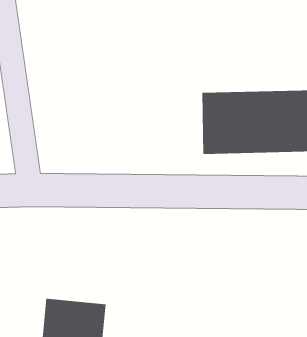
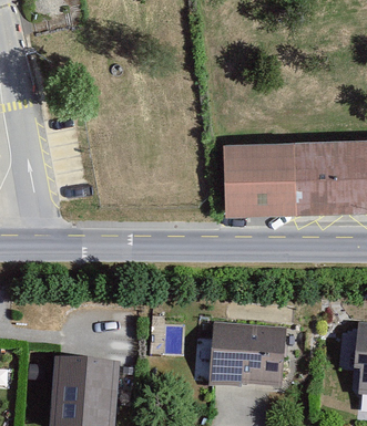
building: none -> [203,323,283,393]

